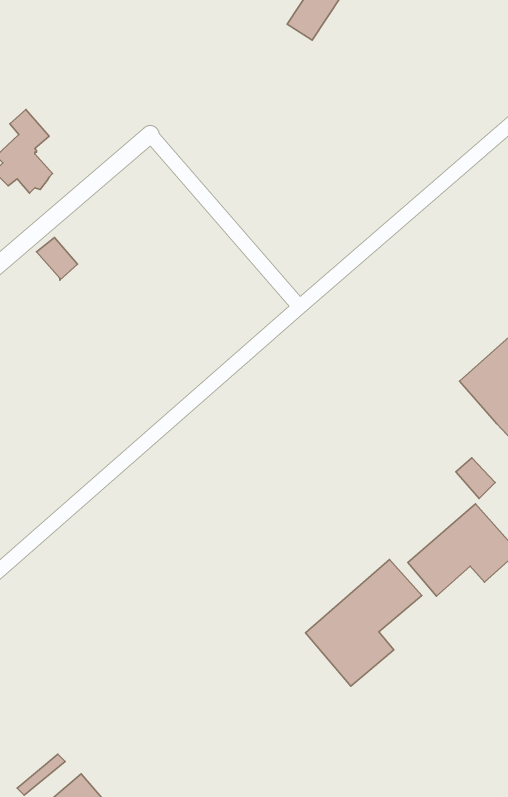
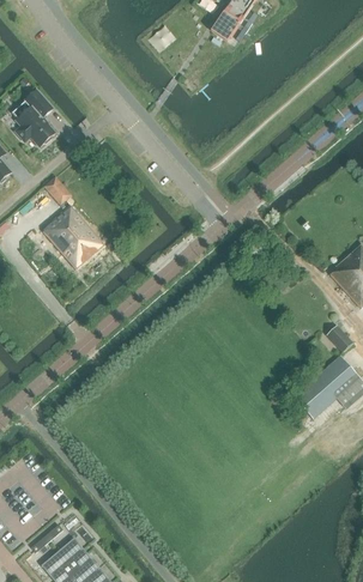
building: none -> [42,205,104,269]
building: [305,560,422,686] -> none

